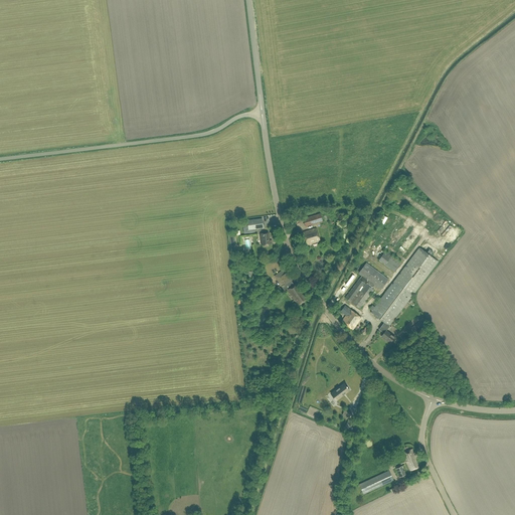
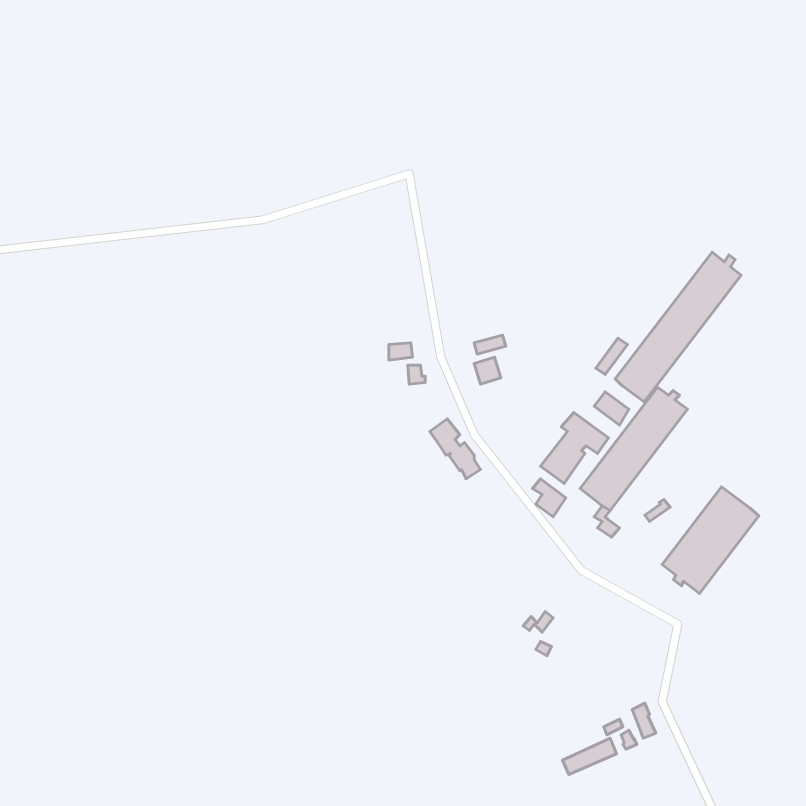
building: none -> [615,252,741,402]
building: none -> [662,487,759,594]

